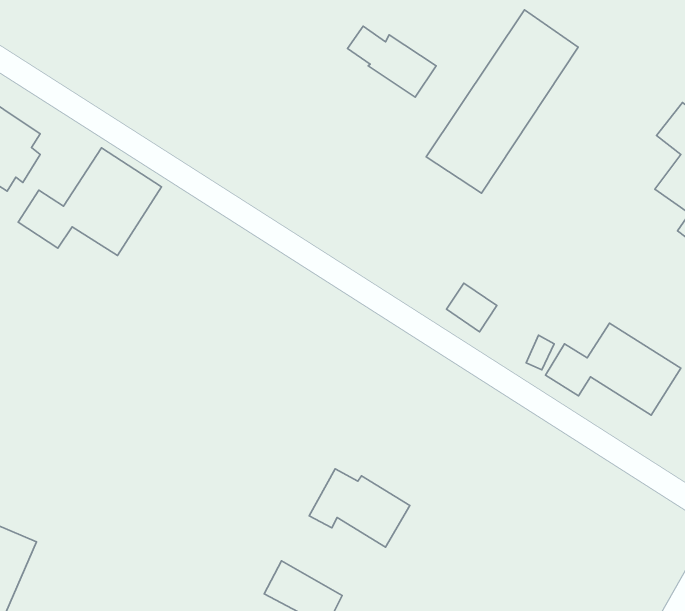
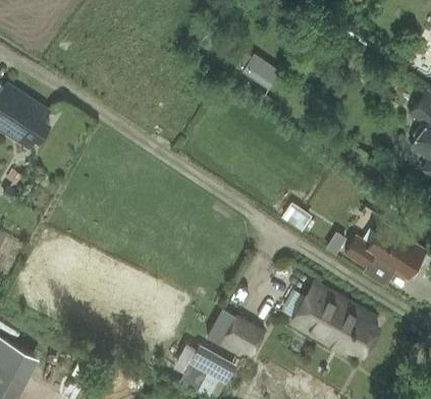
building: [426,10,578,193] -> none
building: [18,148,162,256] -> none
building: none -> [290,283,377,354]
building: none -> [179,346,236,386]

